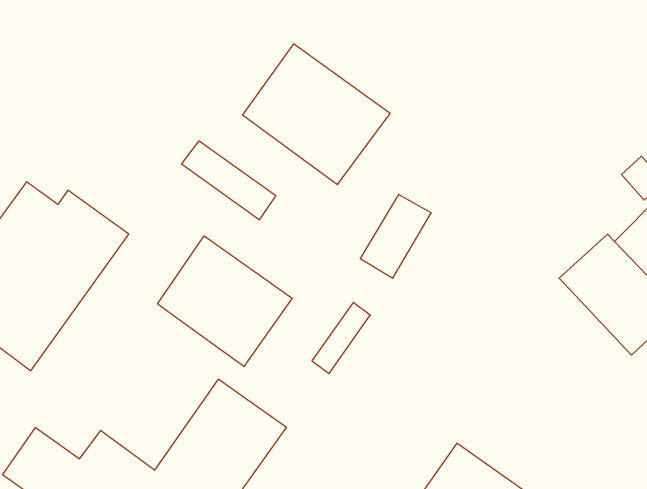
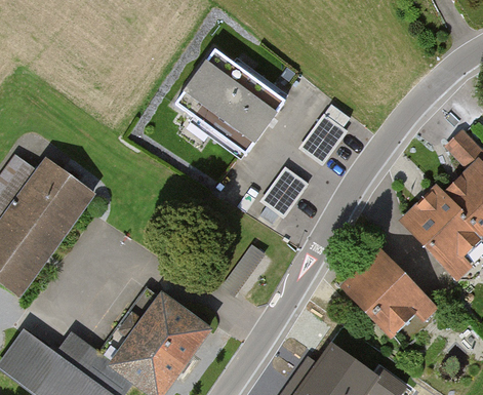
building: none -> [303,109,352,160]
building: [182,141,276,220] -> none
building: [158,236,292,367] -> none
building: none -> [341,252,425,337]

